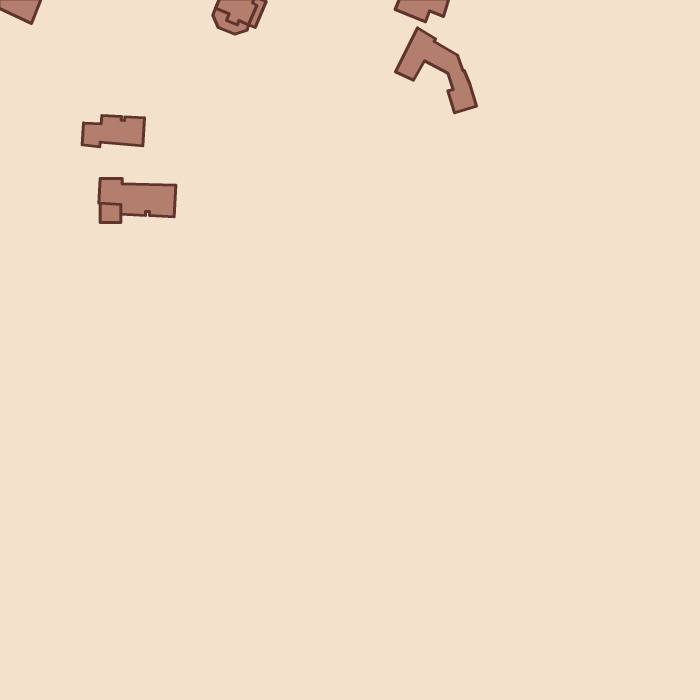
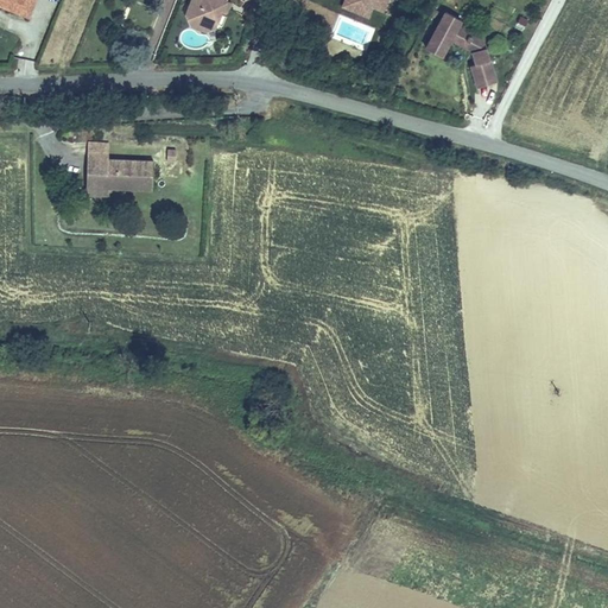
building: [396,28,477,113] -> [425,10,495,83]
building: [82,115,145,147] -> none

